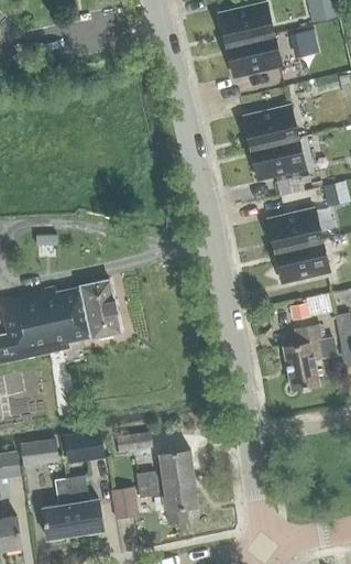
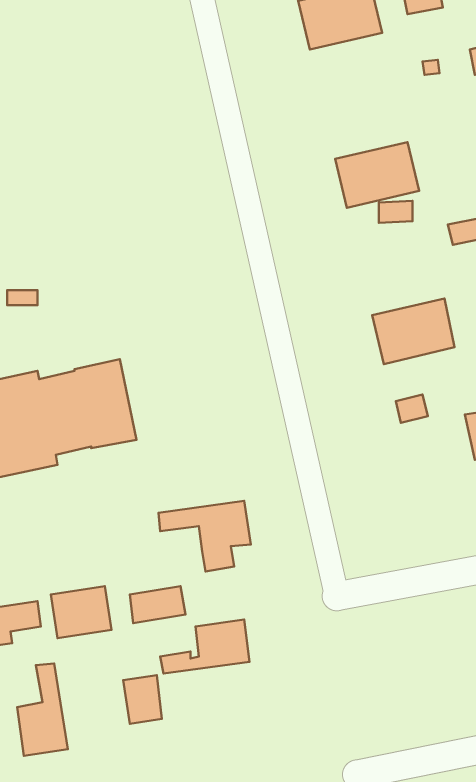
building: [242,106,297,149] -> none
building: [266,208,321,251] -> none
building: [284,326,336,390] -> none
building: [66,476,102,535] -> none
building: [138,478,198,524] -> [158,501,251,572]

